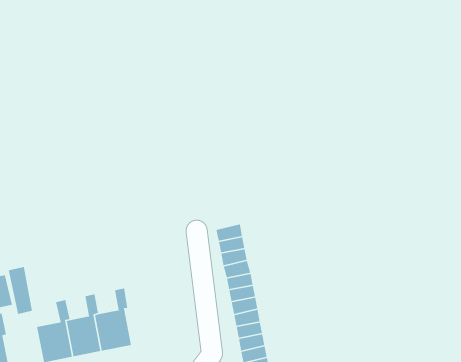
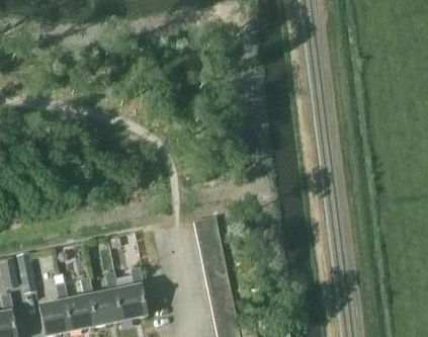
building: none -> [115,264,147,319]

